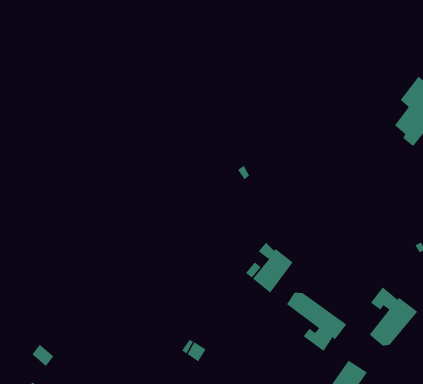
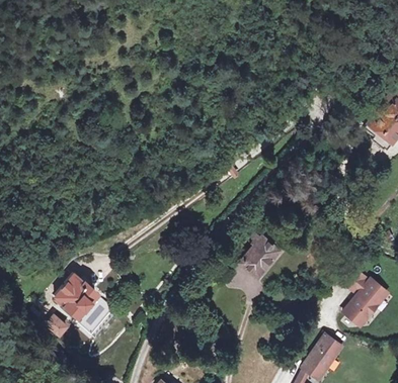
building: [286,292,347,352] -> none
building: none -> [54,278,99,323]

